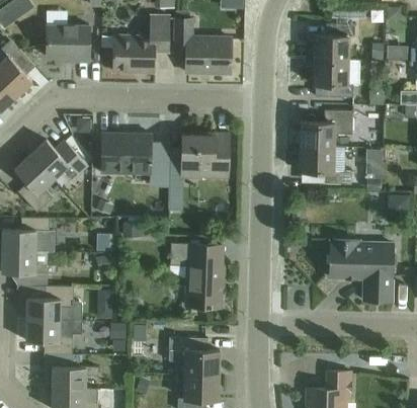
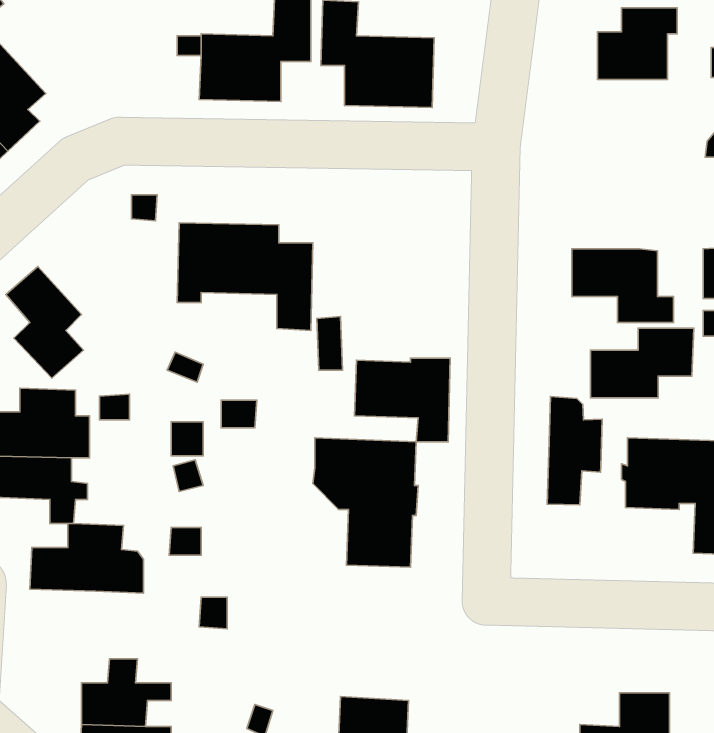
building: [46,25,88,62] -> none
building: [314,60,358,97] -> none
building: [302,110,354,146] -> [590,328,694,398]
building: [181,134,230,176] -> [355,358,450,442]
building: [30,139,87,179] -> none
building: none -> [547,396,602,505]
building: [26,319,84,354] -> none
building: [169,336,220,376] -> none

